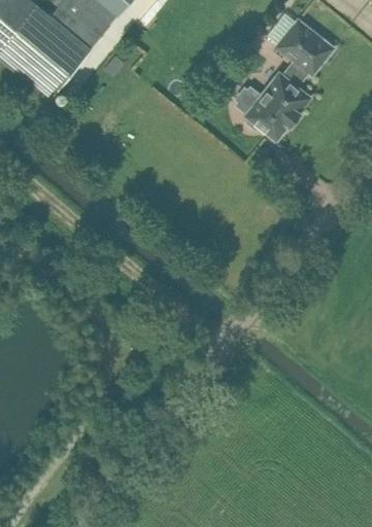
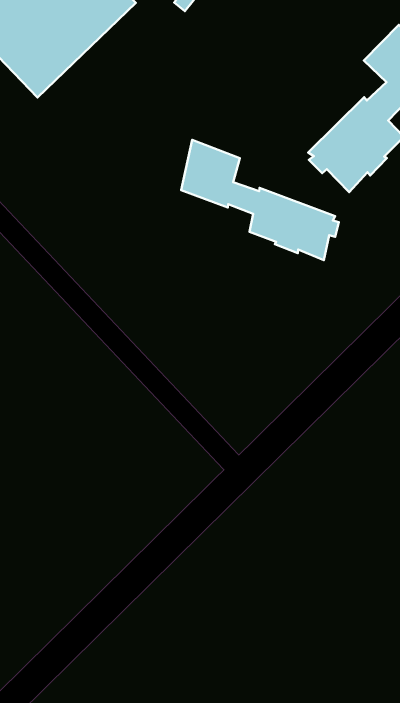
building: none -> [181,140,339,260]

